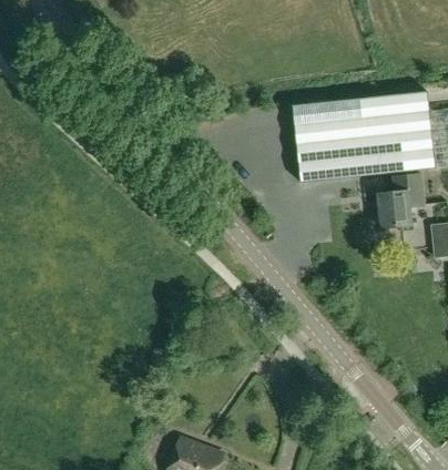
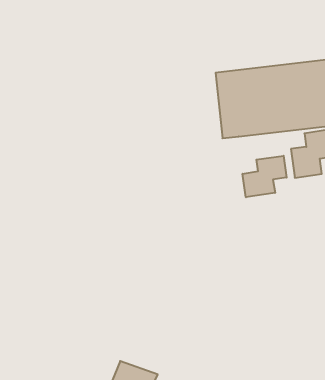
building: none -> [243,156,287,197]

